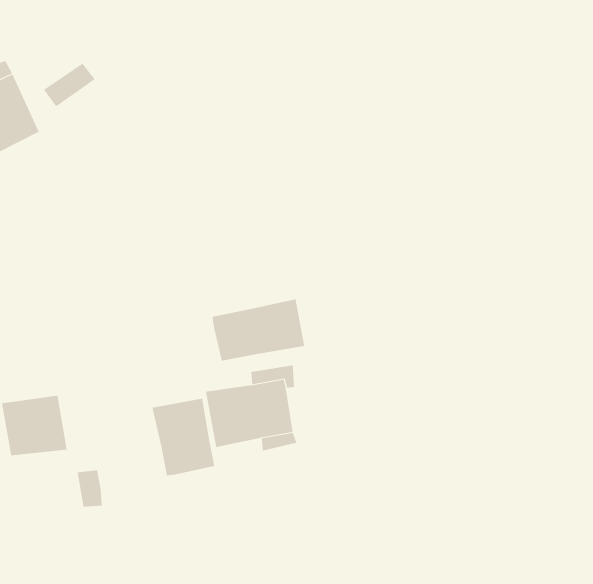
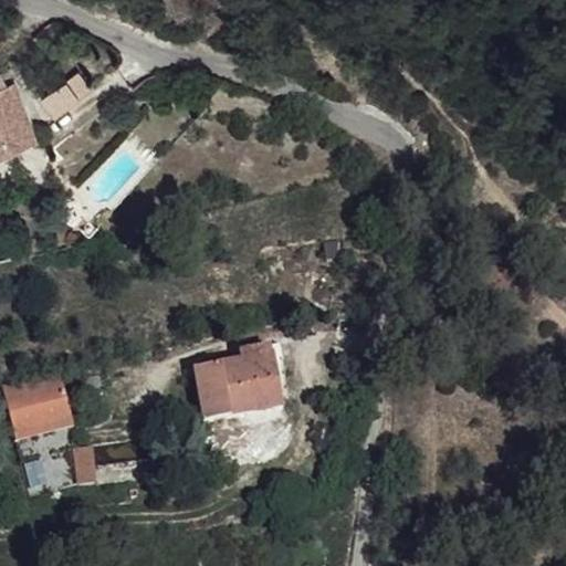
building: [212,299,305,362] -> none
building: [152,398,215,476] -> none

